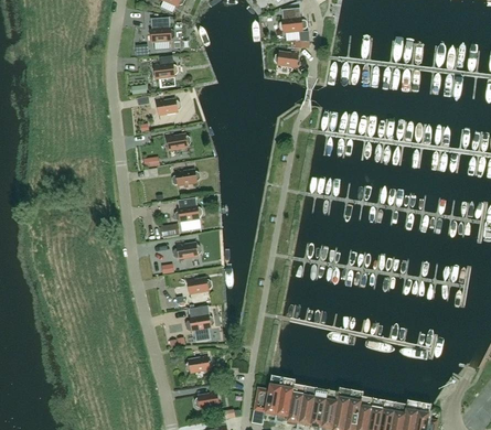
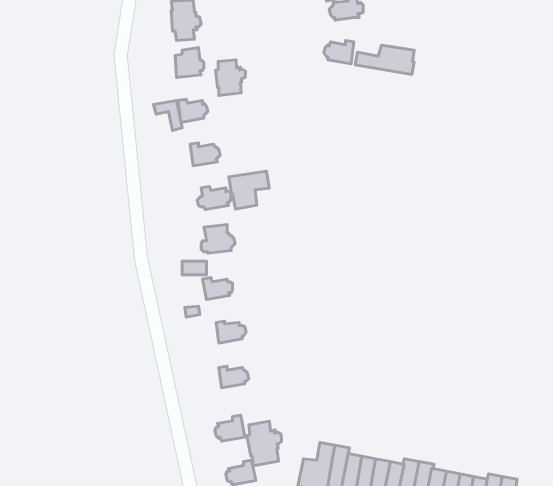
building: none -> [355,45,414,75]
building: none -> [216,60,245,96]
building: none -> [229,171,269,209]
building: none -> [247,421,281,466]

